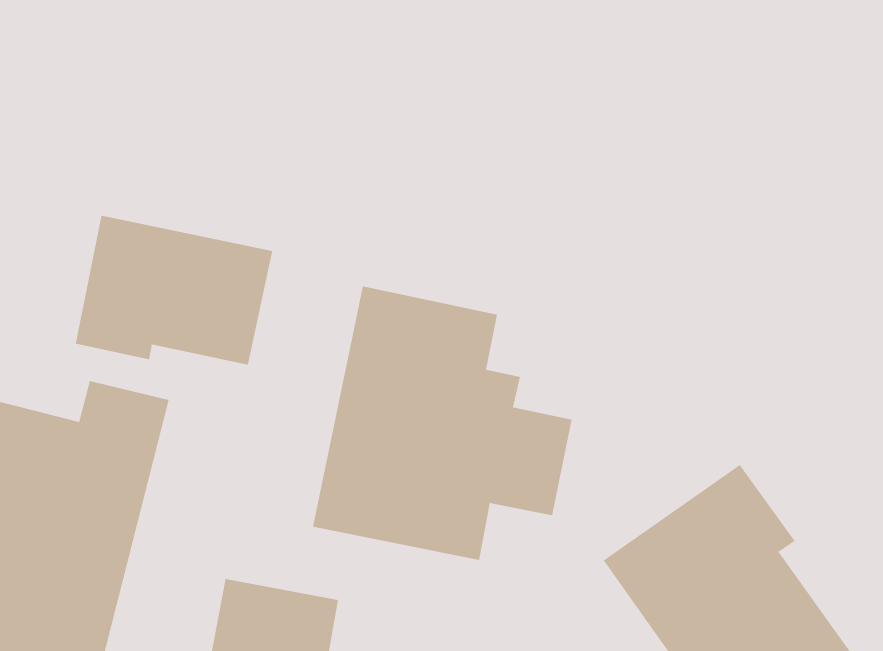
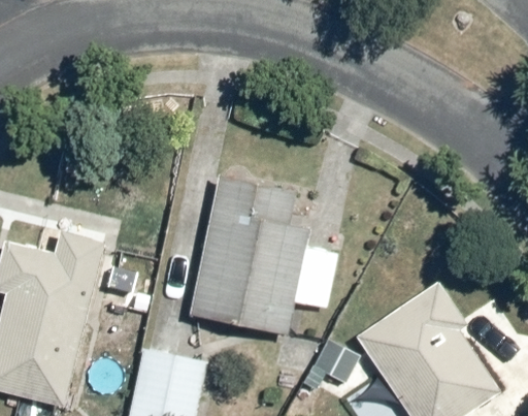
building: [75,215,273,365] -> none

